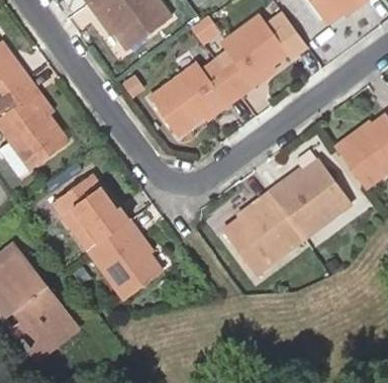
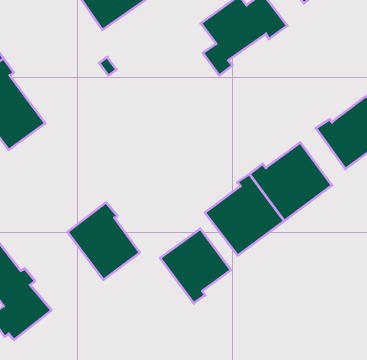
building: [152,61,240,132] -> none
building: [55,175,128,250] -> none
building: none -> [160,229,231,303]

